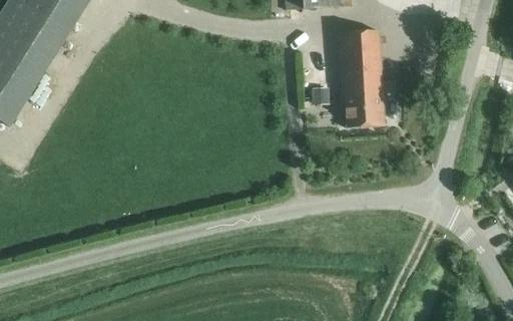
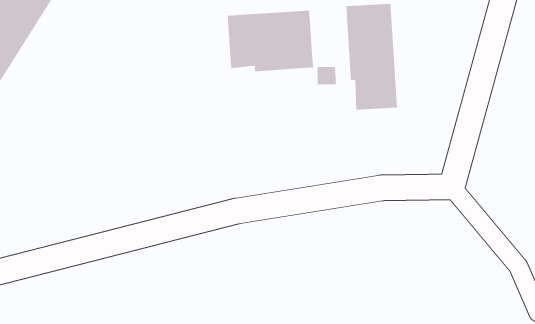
building: none -> [227,10,314,72]

